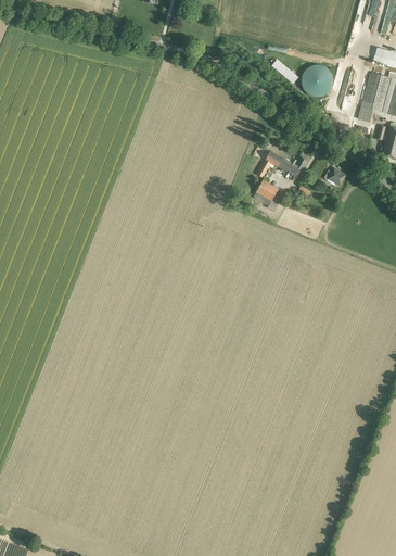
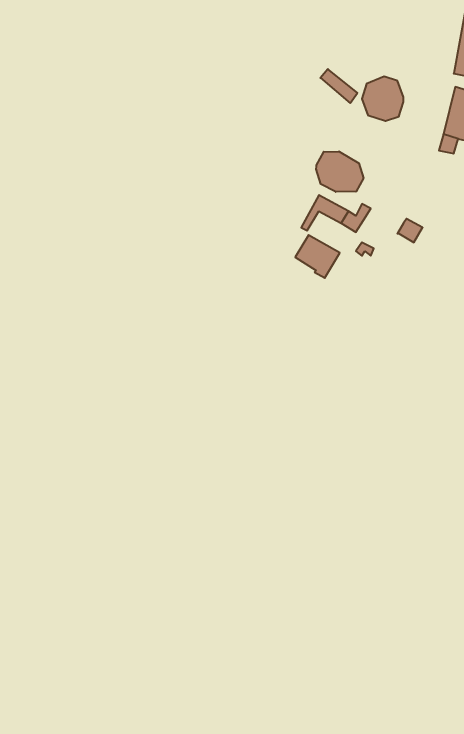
building: none -> [316,151,363,192]

